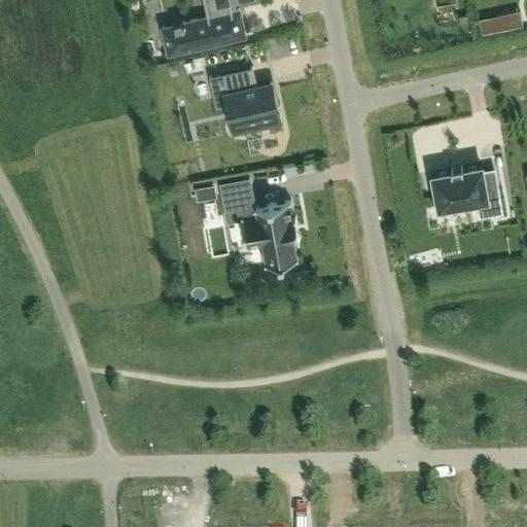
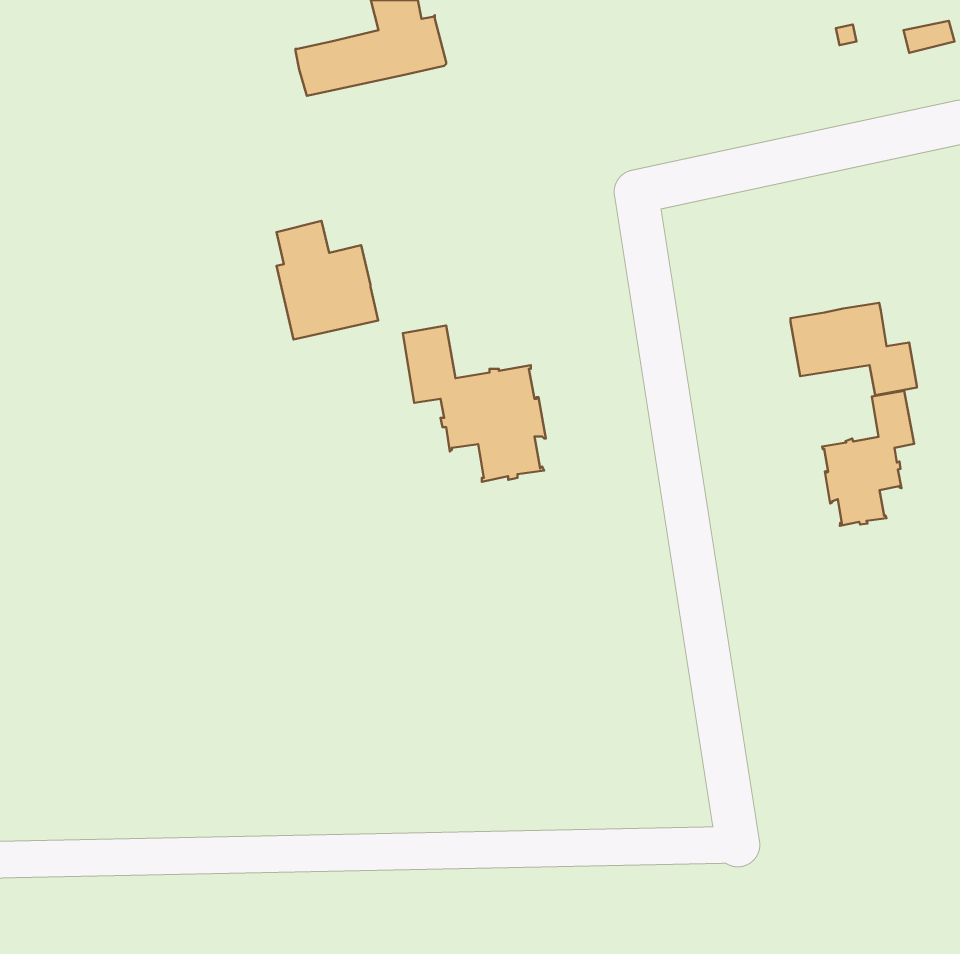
building: [223,71,279,136] -> [276,221,378,339]
building: none -> [822,391,914,526]

